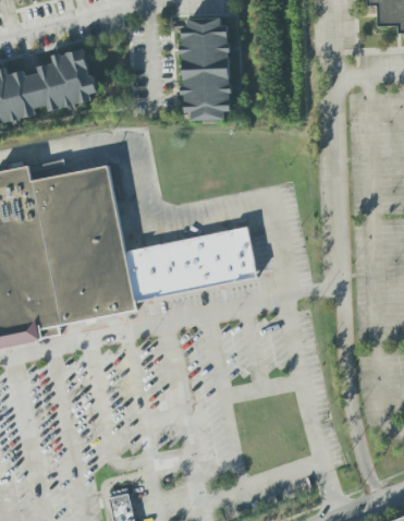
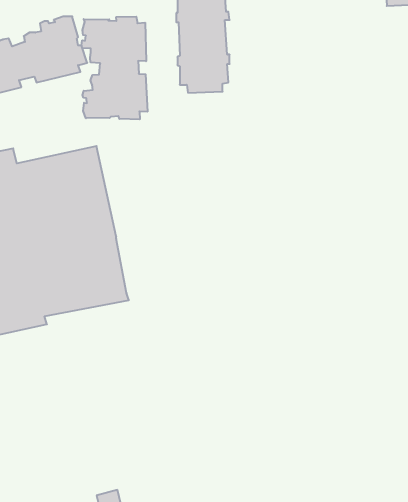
building: none -> [82,17,147,119]
building: [125,228,257,303] -> none

